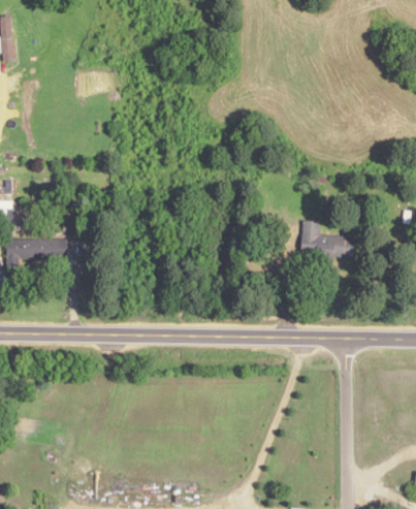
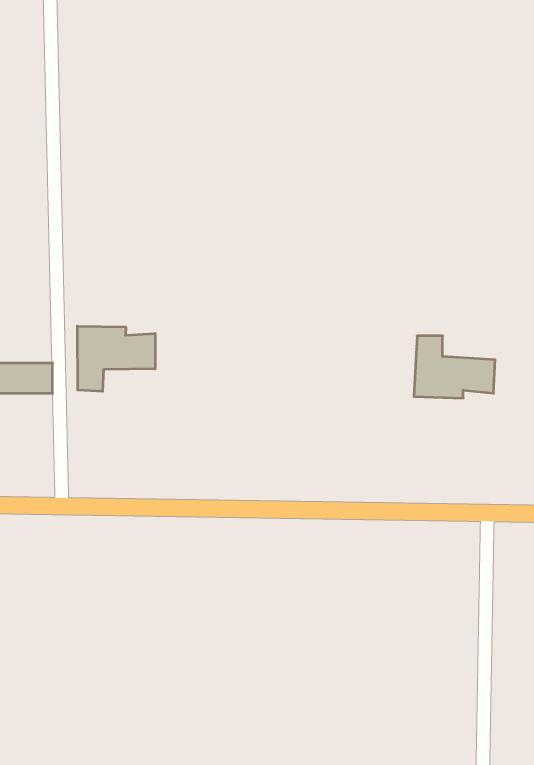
building: none -> [77,326,155,391]

